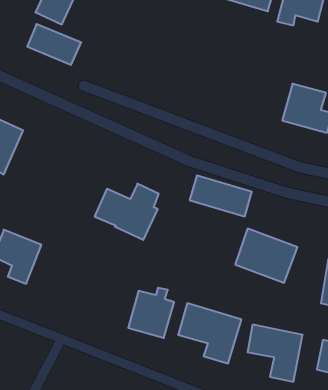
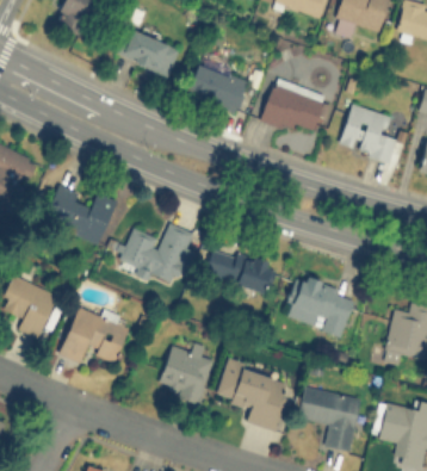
building: [27,24,81,65] -> [117,29,180,76]
building: none -> [187,66,248,112]
building: none -> [261,80,333,136]
building: none -> [45,186,117,243]
building: [190,176,252,216] -> [205,247,278,295]
building: none -> [60,308,132,364]

